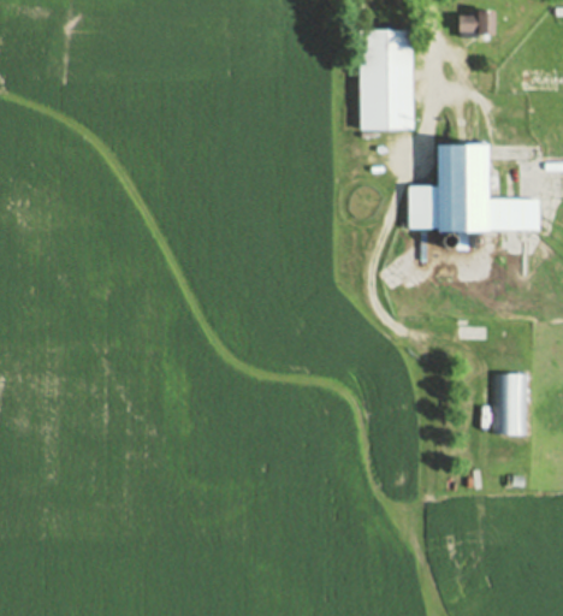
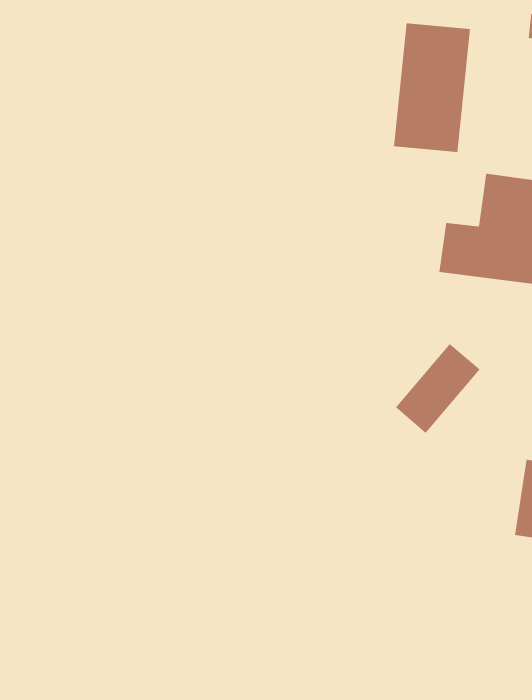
building: none -> [395,343,480,434]

